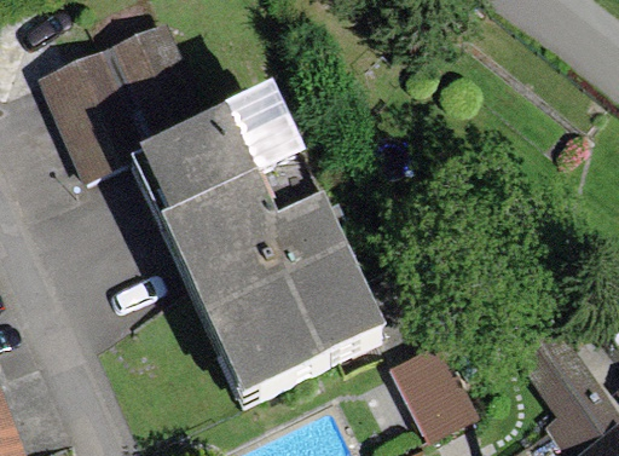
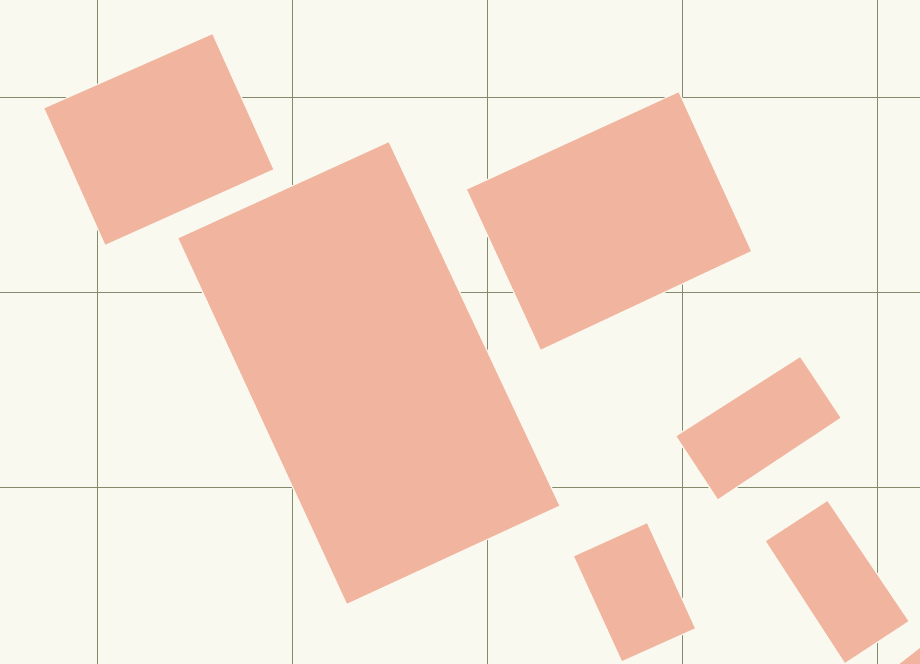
building: none -> [466,92,752,350]
building: none -> [676,356,842,500]

